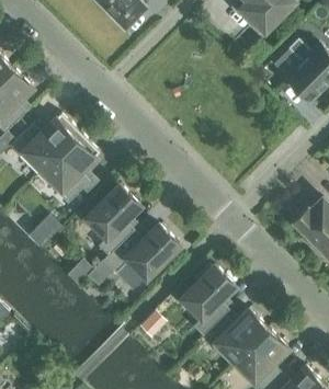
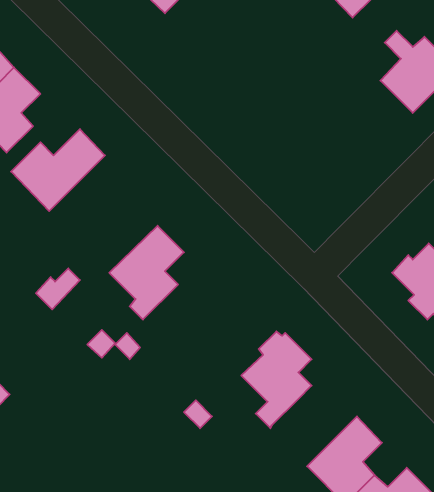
building: [38,133,100,203] -> none
building: [103,225,181,276] -> none
building: [205,309,269,365] -> none

